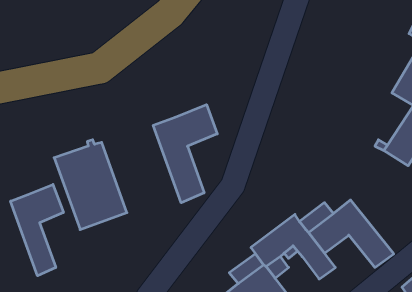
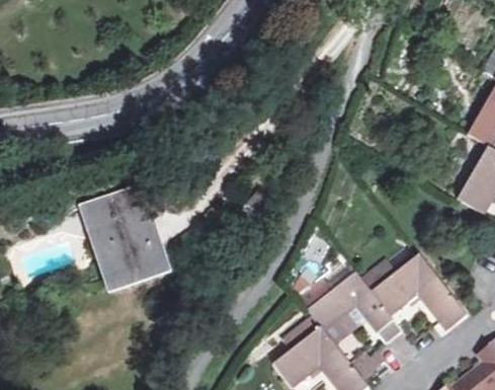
building: [153,105,217,203] -> none
building: [11,184,63,276] -> none

